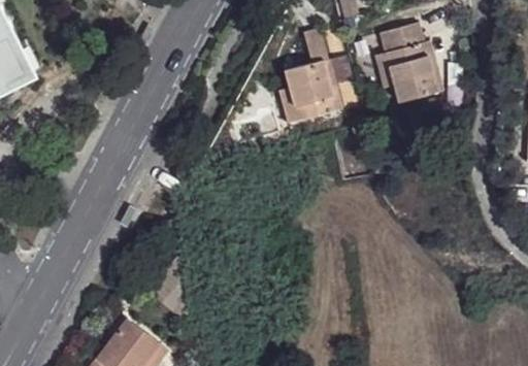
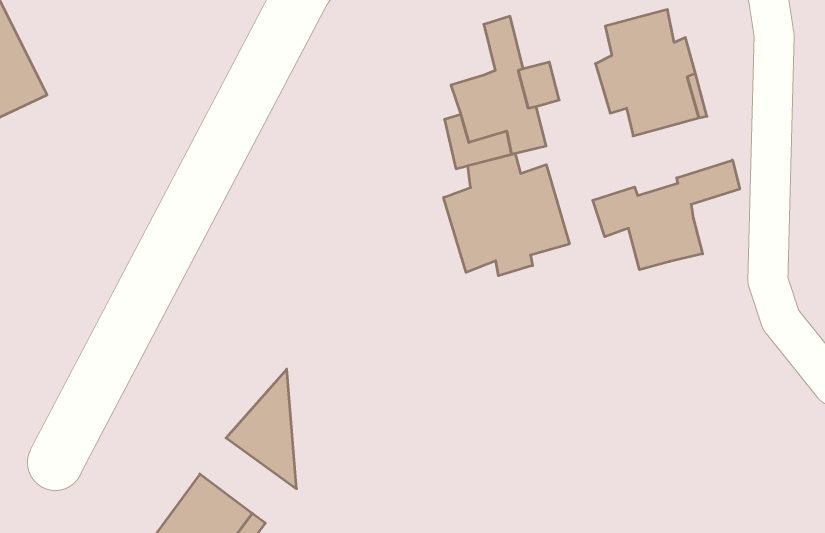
building: none -> [444,153,569,276]
building: none -> [593,160,740,270]

